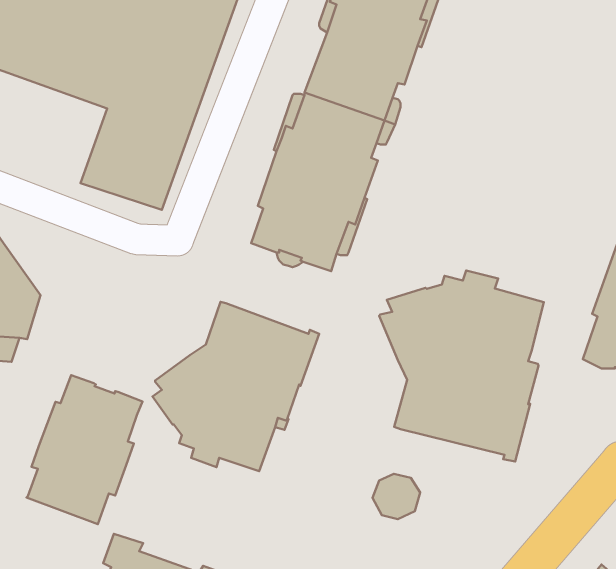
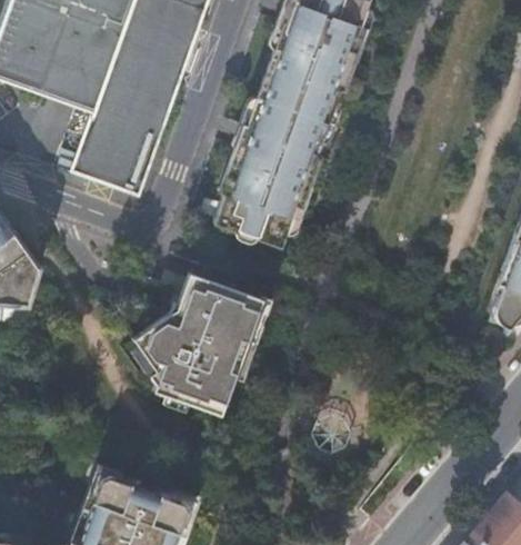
building: [379,271,544,462] -> none
building: [26,375,143,524] -> none

